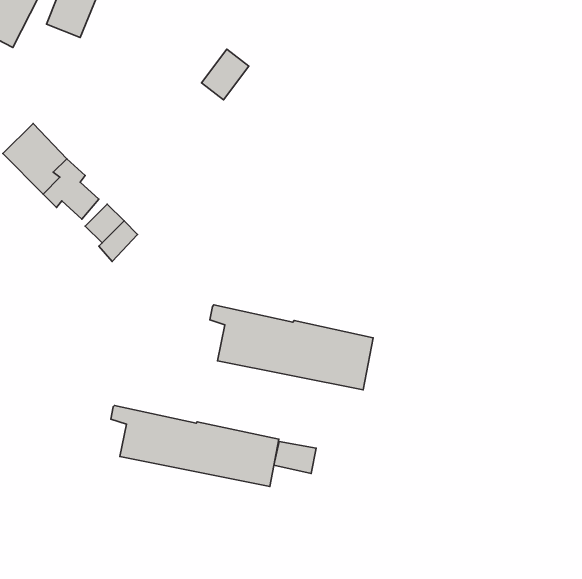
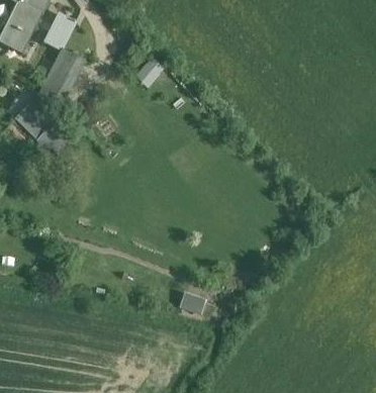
building: none -> [48,47,91,102]
building: [210,305,373,390] -> none
building: [111,406,279,486] -> none

